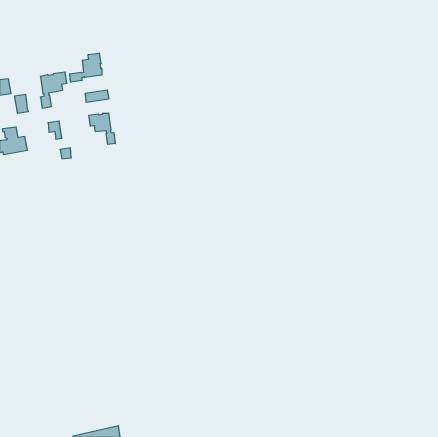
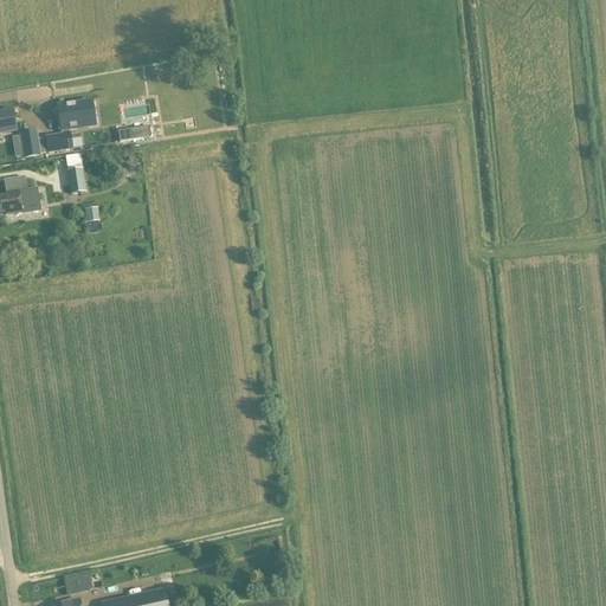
building: [70,53,102,82] -> none
building: [89,113,115,144] -> none

